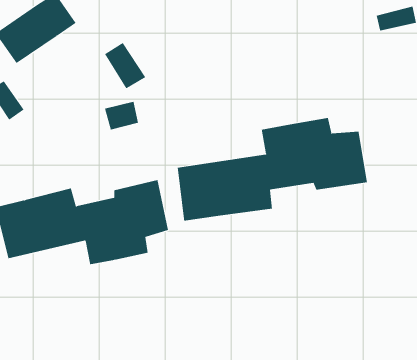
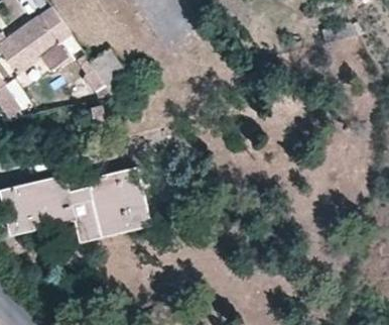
building: [177,117,367,222] -> none

